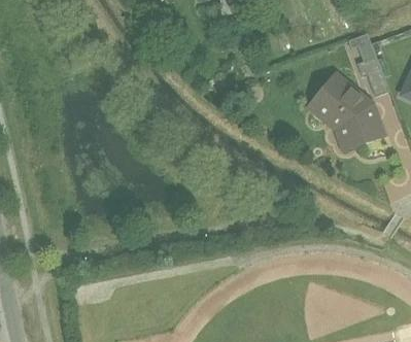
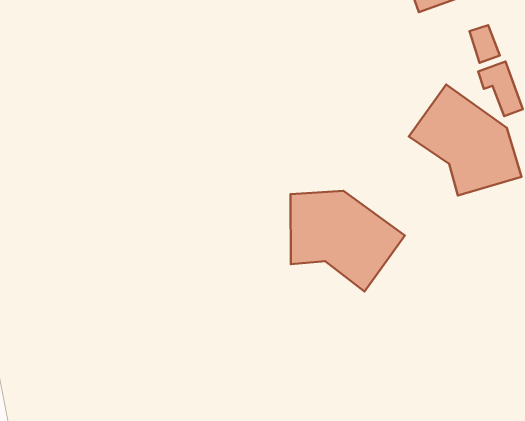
building: none -> [290,191,405,292]

